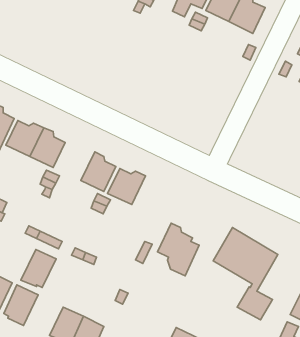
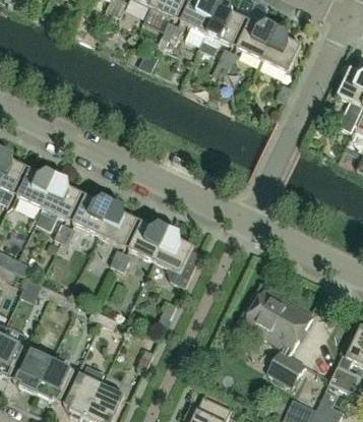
building: none -> [72,194,114,234]
building: [157,223,199,276] -> [155,229,200,287]
building: [21,250,56,288] -> [36,360,74,402]

